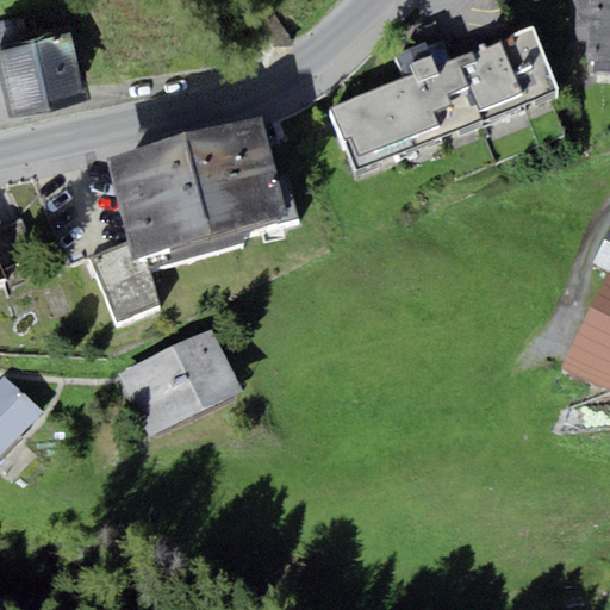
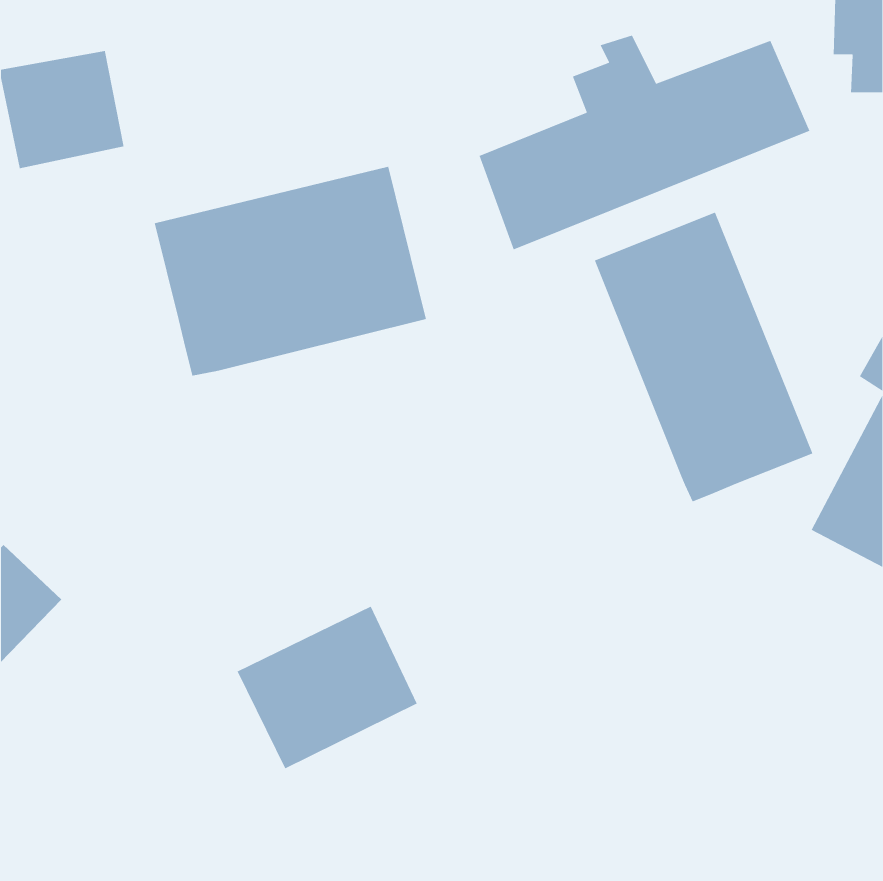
building: none -> [594,212,814,503]
building: [85,241,158,322] -> none
building: [118,326,243,440] -> [236,605,418,770]

